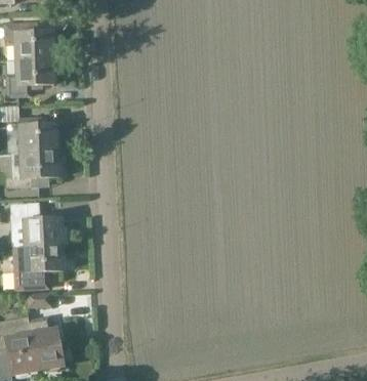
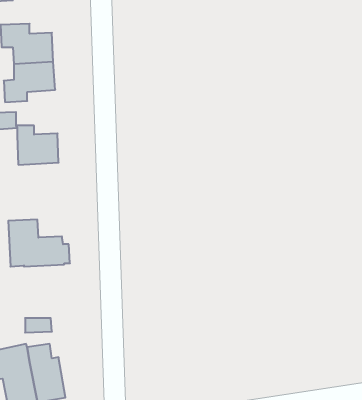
building: [10,151,58,187] -> none
building: [13,244,64,289] -> none

